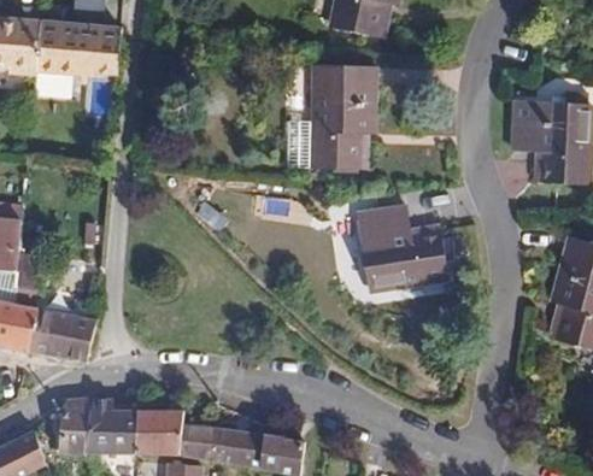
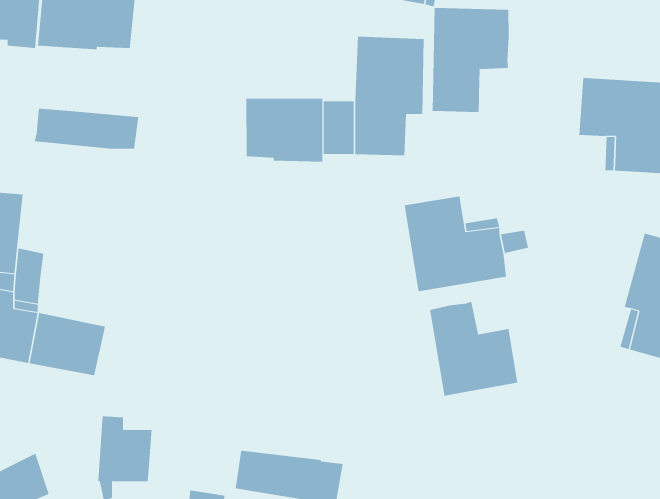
building: none -> [432,7,509,113]
building: none -> [246,98,323,163]
building: none -> [34,108,139,149]
building: none -> [430,301,518,396]
building: [47,395,93,454] -> none
building: [134,410,215,462] -> none

